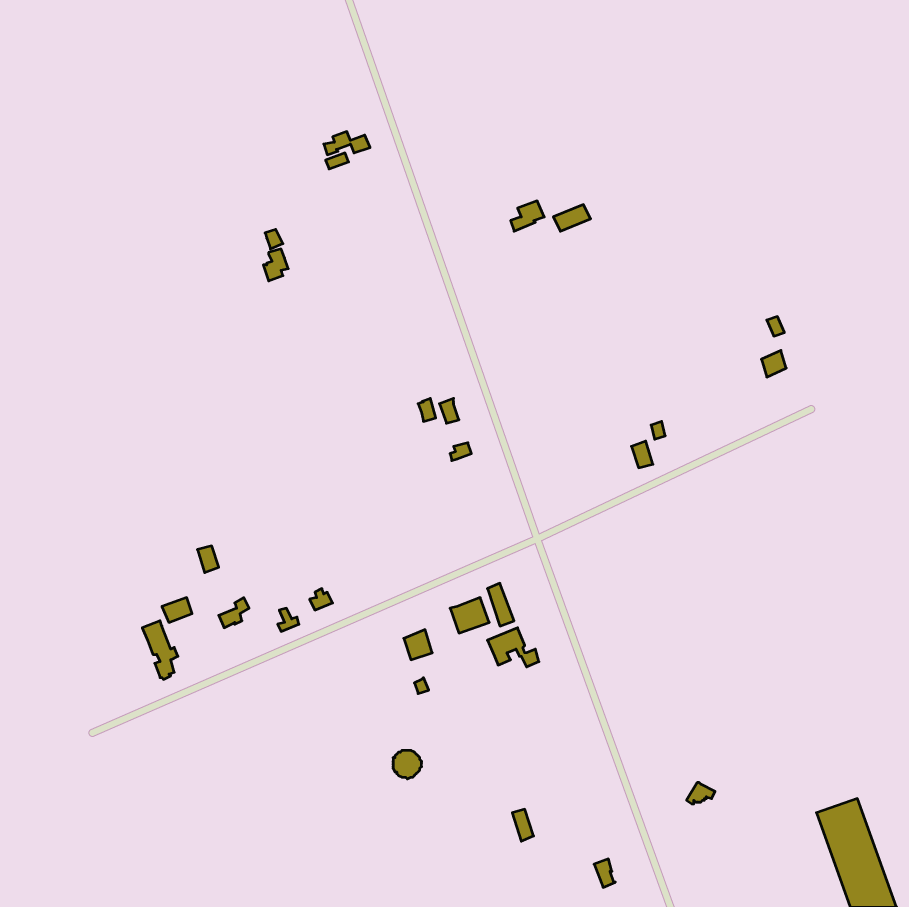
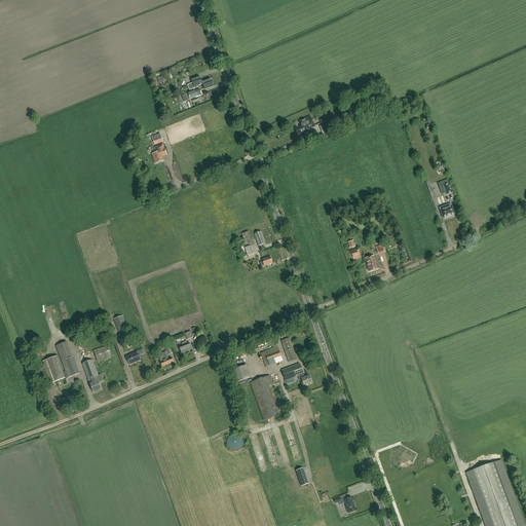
building: none -> [42,355,78,382]
building: none -> [249,375,283,419]

